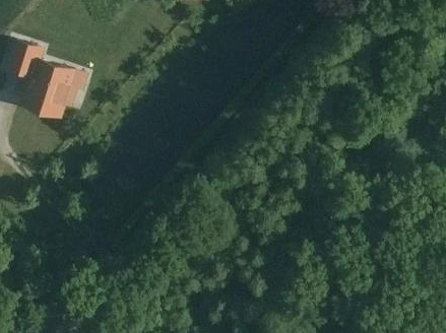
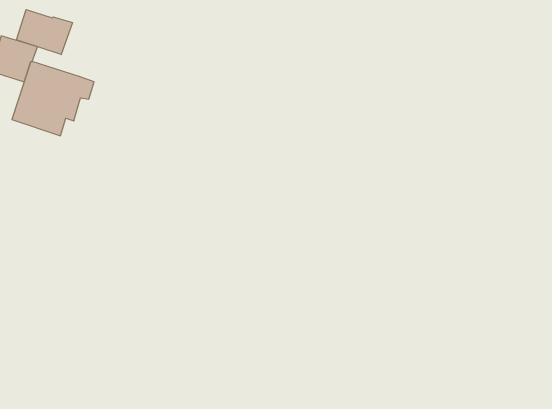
building: none -> [17,10,72,55]

